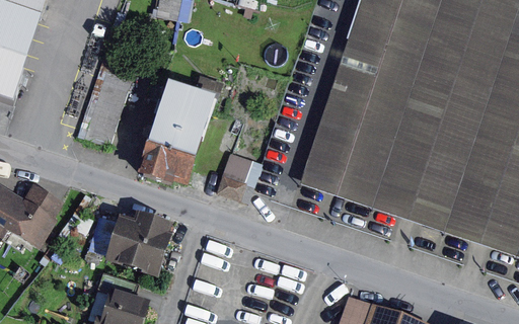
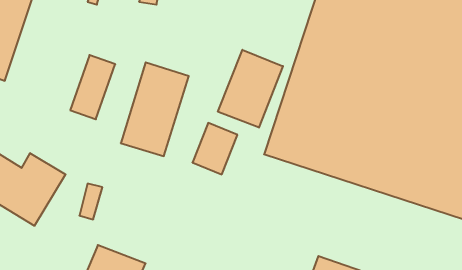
building: none -> [218,50,283,128]
building: [115,213,187,281] -> none

